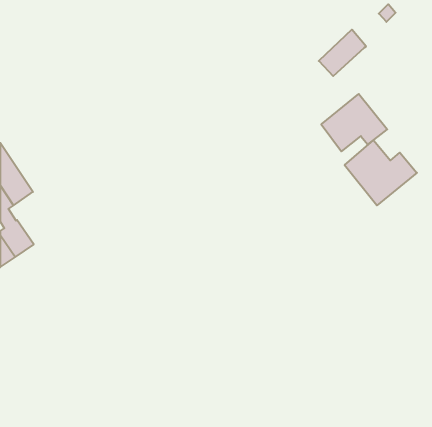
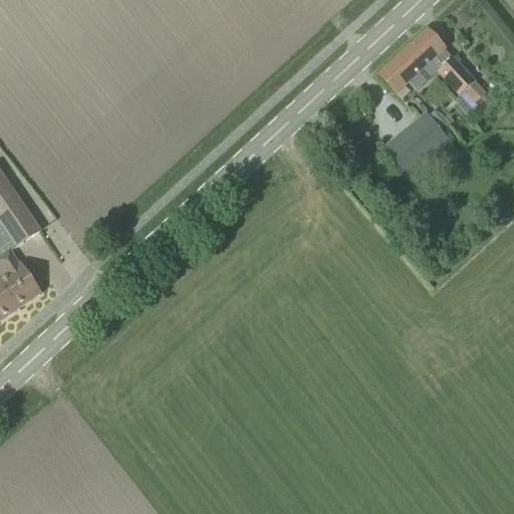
building: none -> [418,27,486,100]
building: [345,140,417,205] -> none

